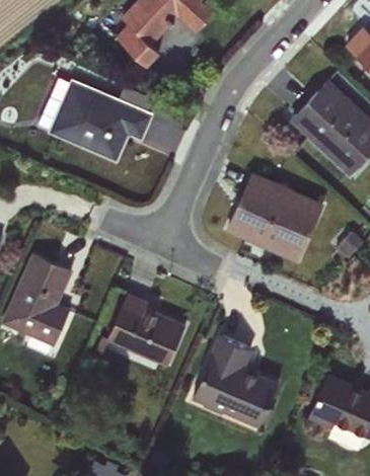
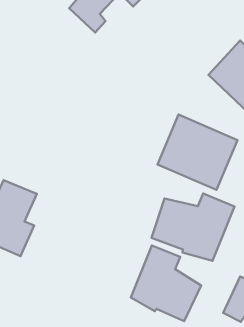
building: [38,76,154,163] -> none
building: none -> [151,193,235,261]
building: [106,292,187,368] -> none

